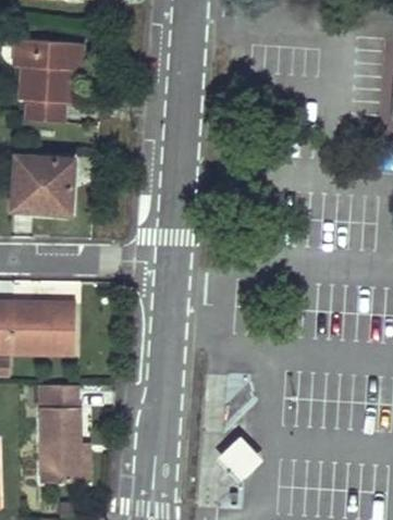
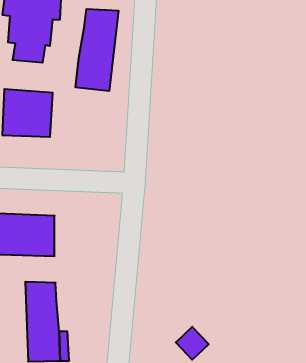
building: none -> [76,9,118,91]

